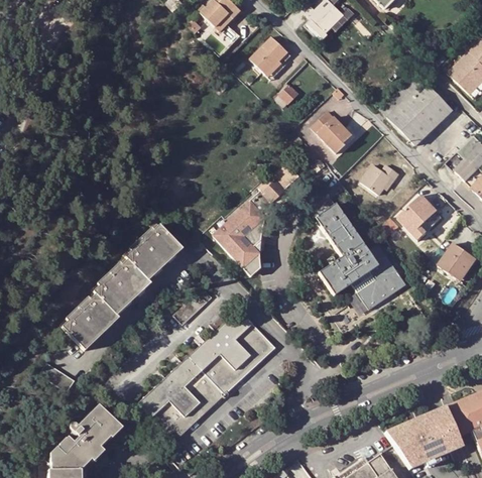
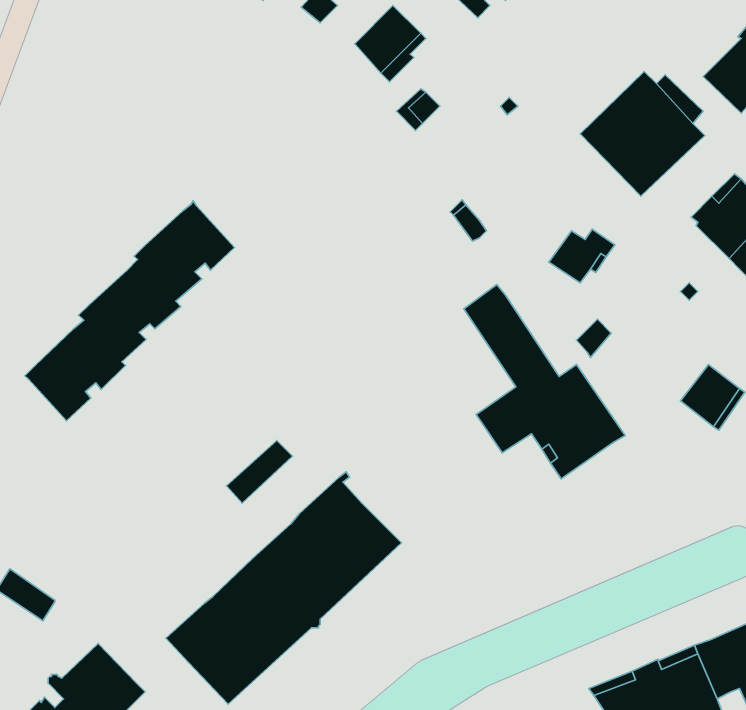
building: [311,110,351,153] -> none
building: [215,160,299,277] -> none
building: [397,195,442,240] -> none
building: [59,222,182,350] -> [25,201,235,421]

